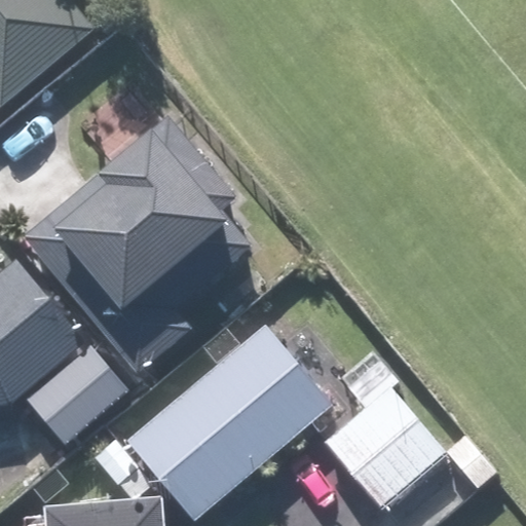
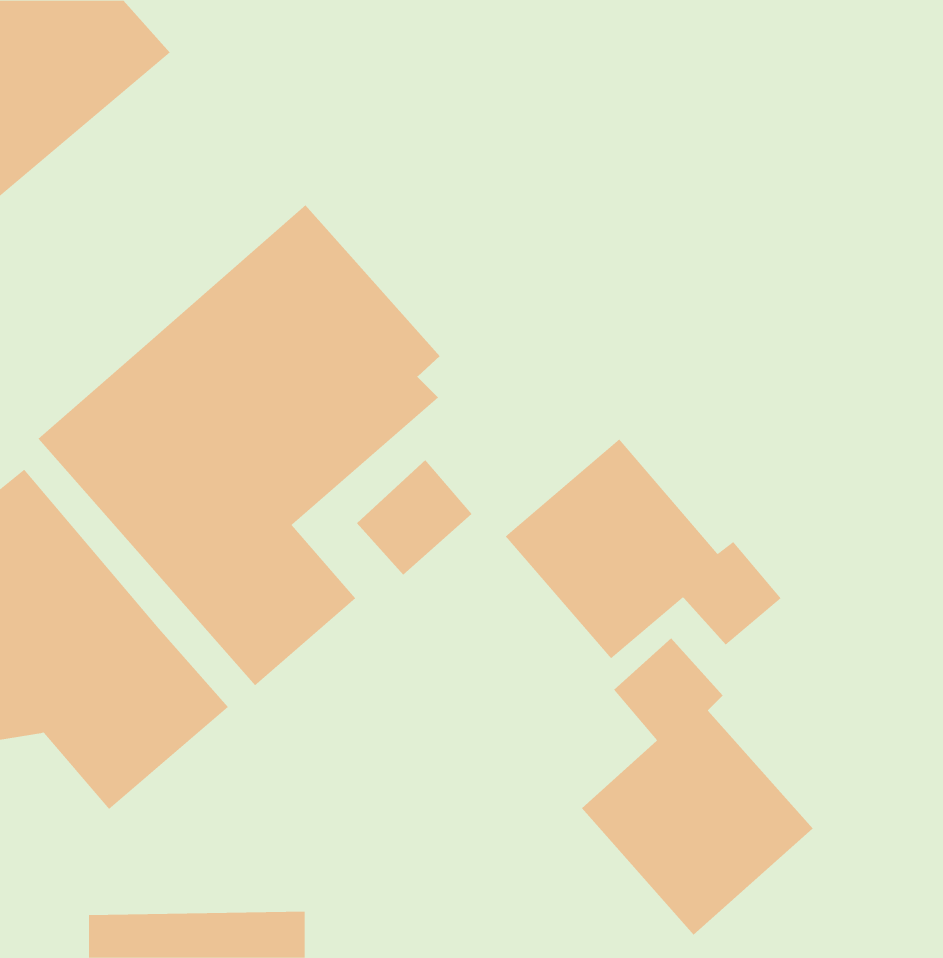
building: none -> [505,438,782,659]
building: [127,322,335,521] -> none

